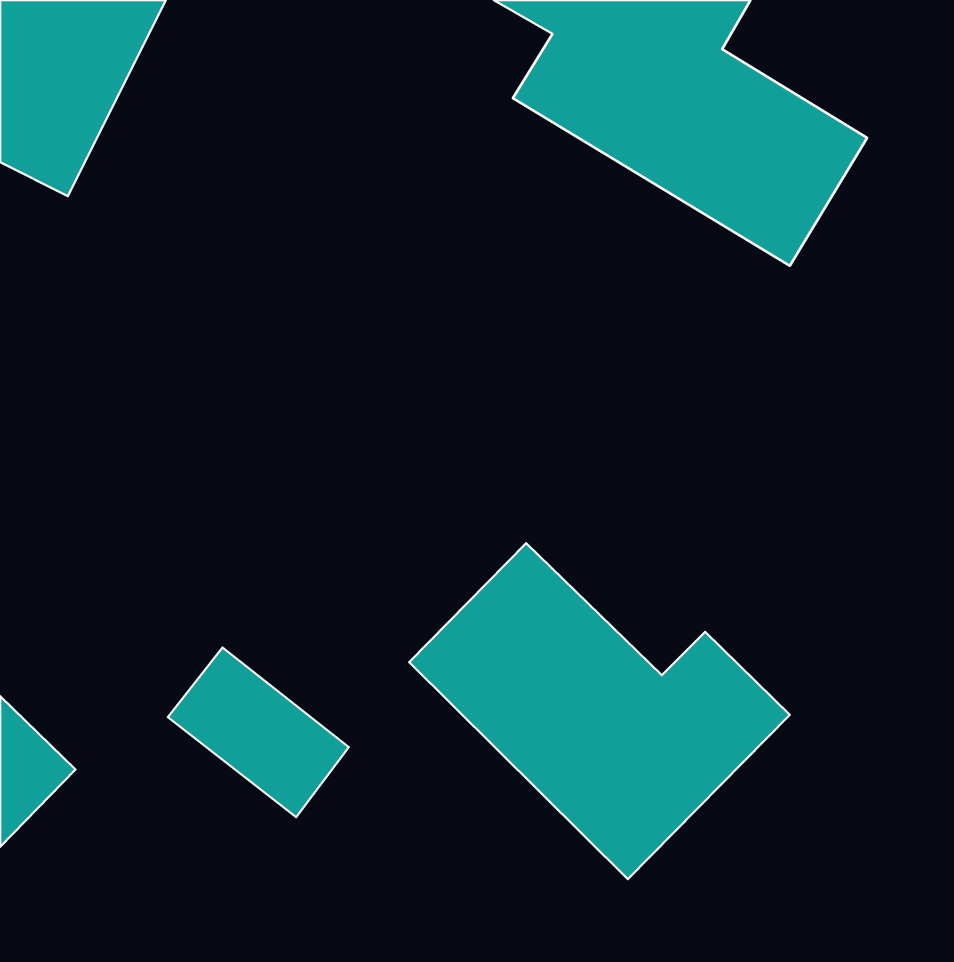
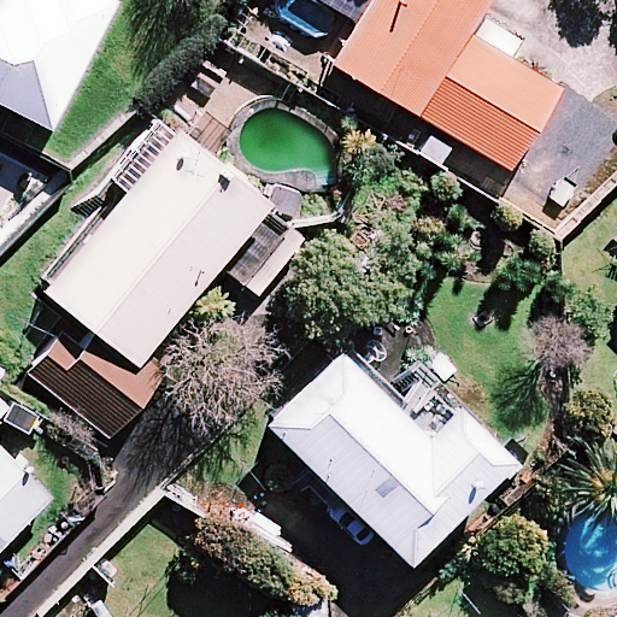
building: none -> [46,133,306,365]
building: [168,647,349,817] -> [33,330,148,439]

